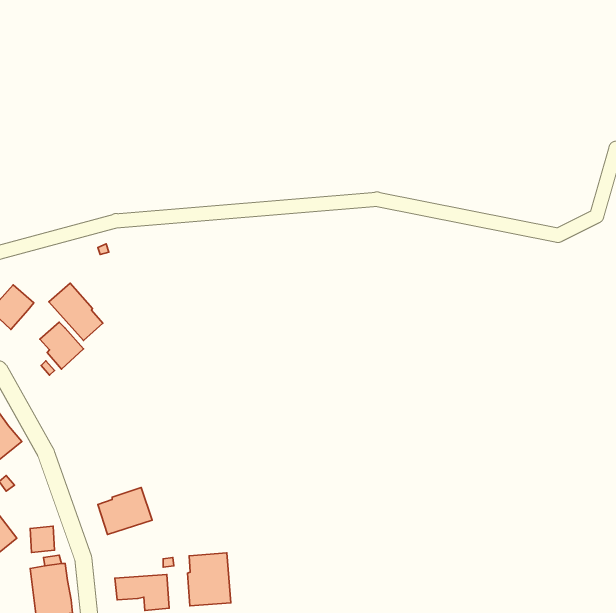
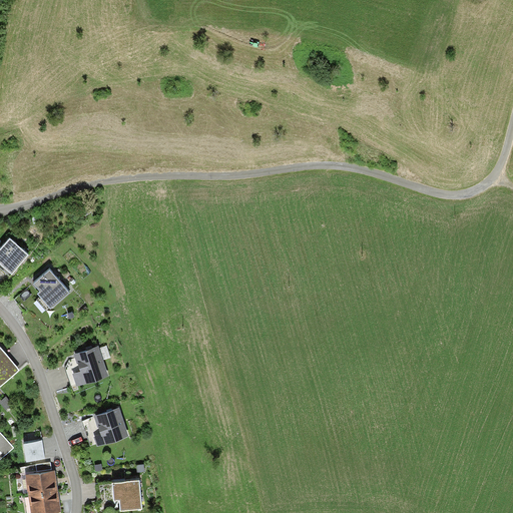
building: [49,283,103,341] -> none
building: none -> [64,346,109,389]
building: [188,553,231,606] -> none

